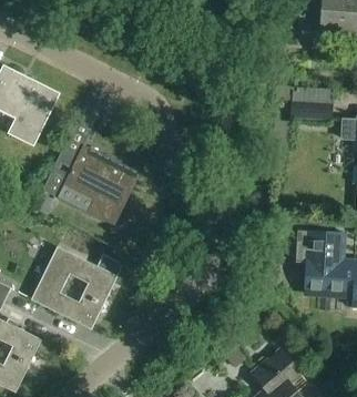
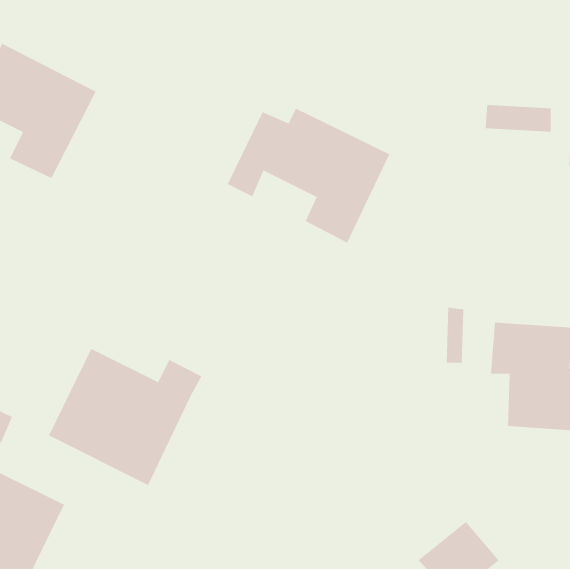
building: [42,144,140,225] -> [227,108,390,244]

